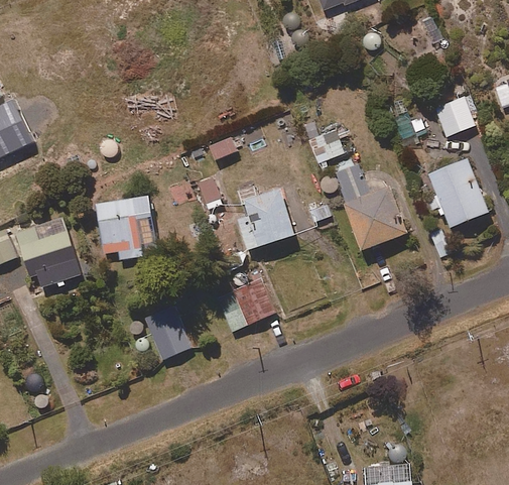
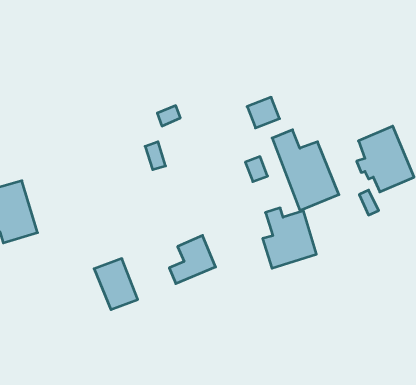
building: [434,95,475,137] -> none
building: [237,186,295,251] -> [263,208,316,268]
building: [97,197,156,259] -> none

